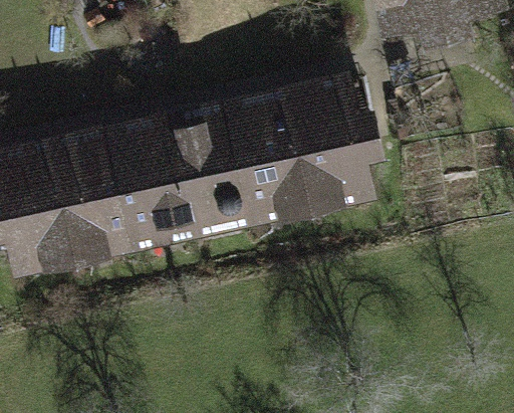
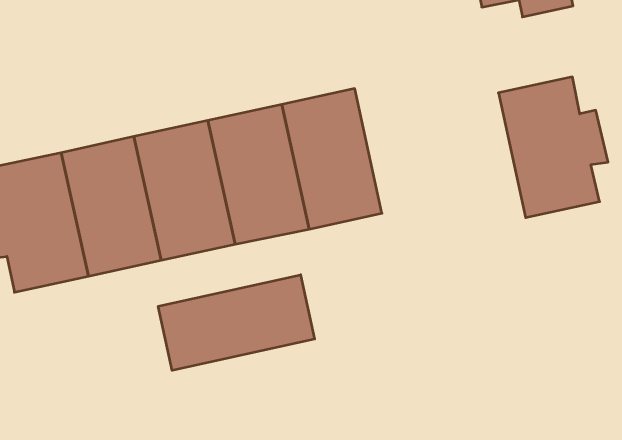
building: [291,85,380,200] -> [498,77,608,218]
building: none -> [158,275,315,370]

